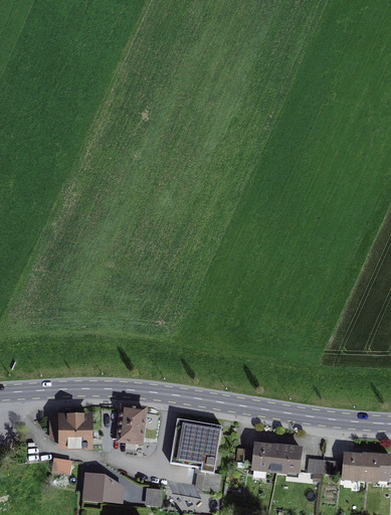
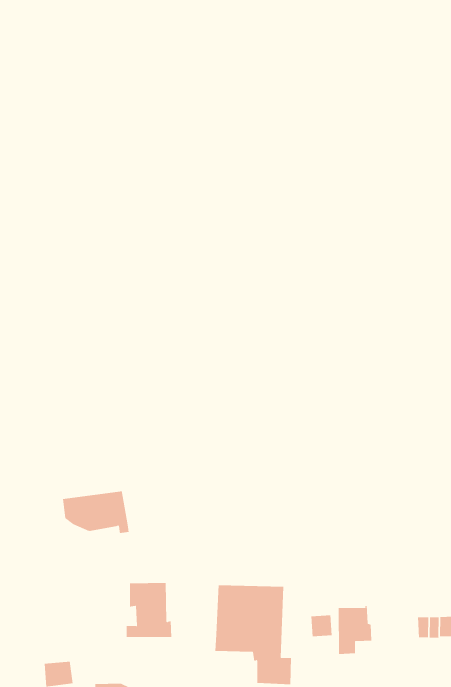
building: [47,418,89,447] -> [62,491,129,533]
building: [275,445,301,470] -> none

